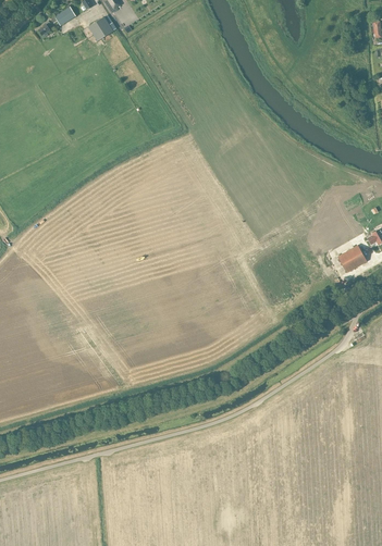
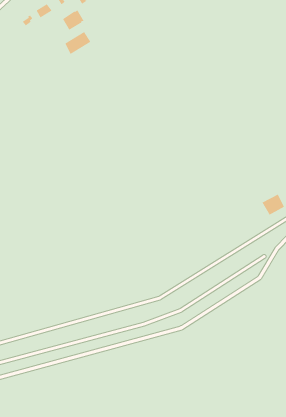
building: none -> [64,31,91,55]

